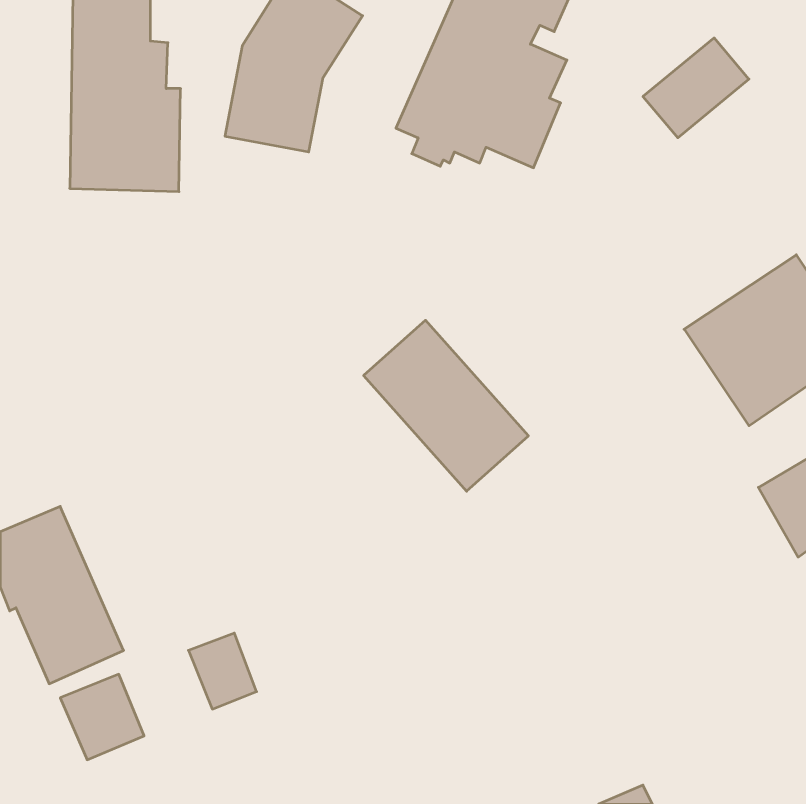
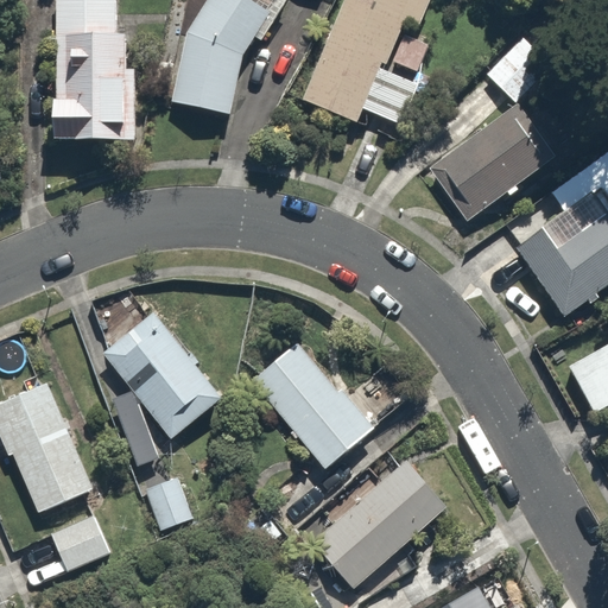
building: none -> [428,103,555,218]
building: [364,320,528,491] -> [249,341,373,469]
building: none -> [99,310,226,442]
building: none -> [312,456,448,585]

